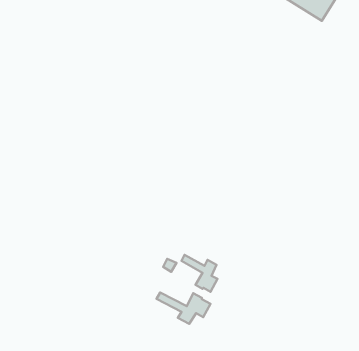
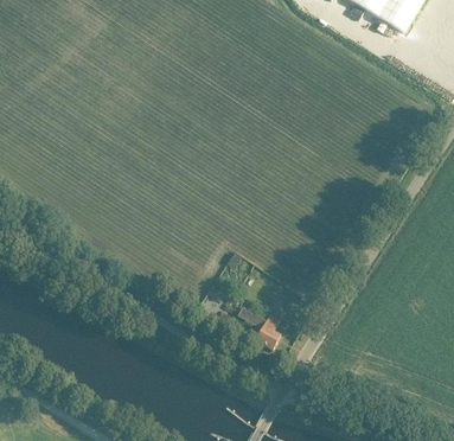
building: [157,293,211,324] -> none

